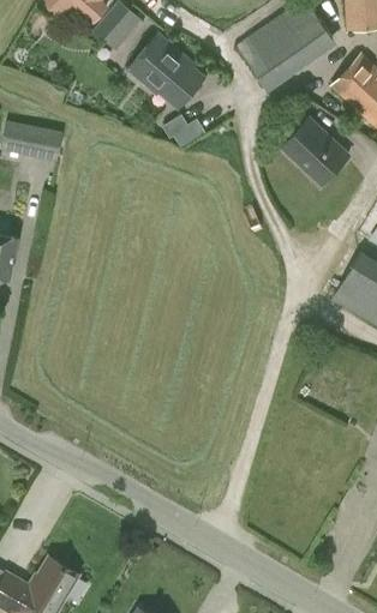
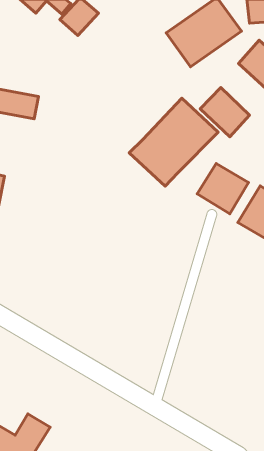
building: [128,35,205,108] -> none
building: [162,114,205,148] -> none
building: none -> [129,98,218,186]
building: none -> [197,163,248,214]

